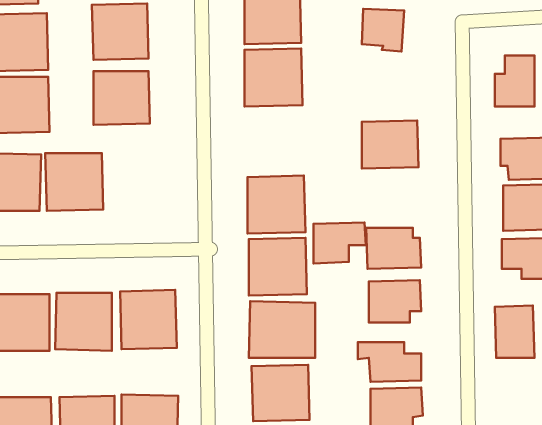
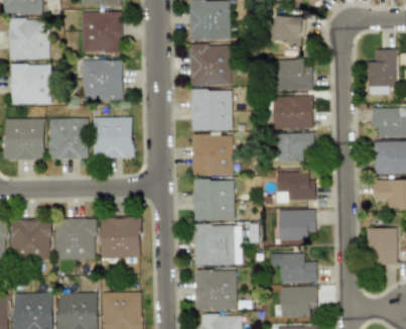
building: none -> [276,60,313,90]
building: none -> [192,89,233,130]
building: none -> [93,116,134,157]
building: [314,222,366,263] -> [278,132,315,161]

